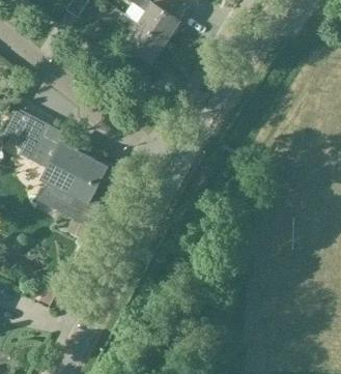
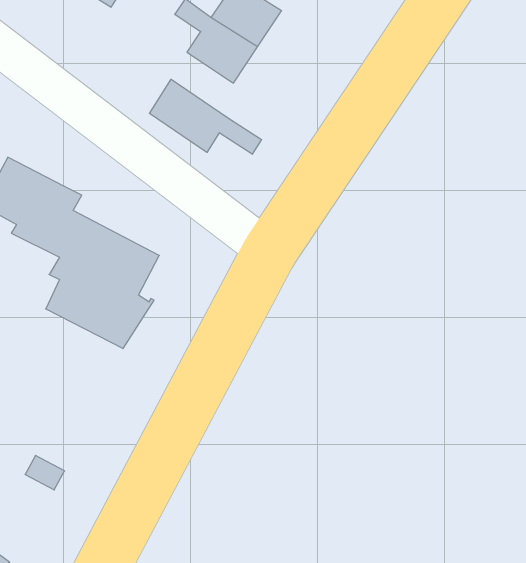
building: none -> [149,79,262,154]

